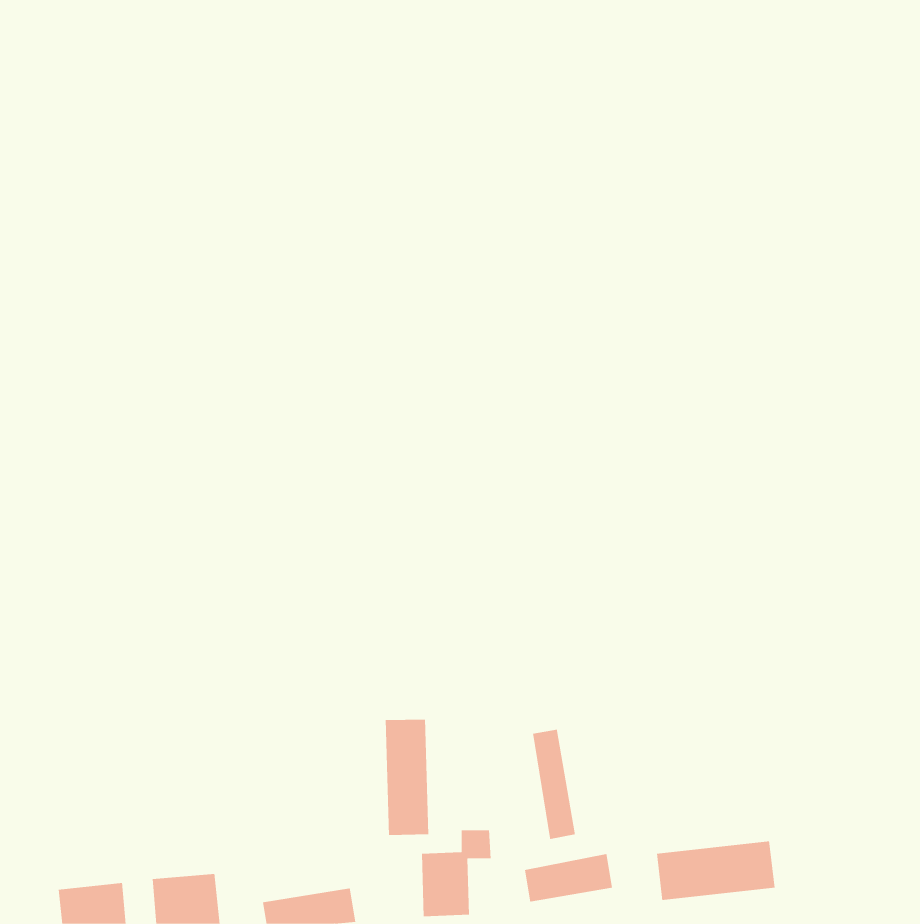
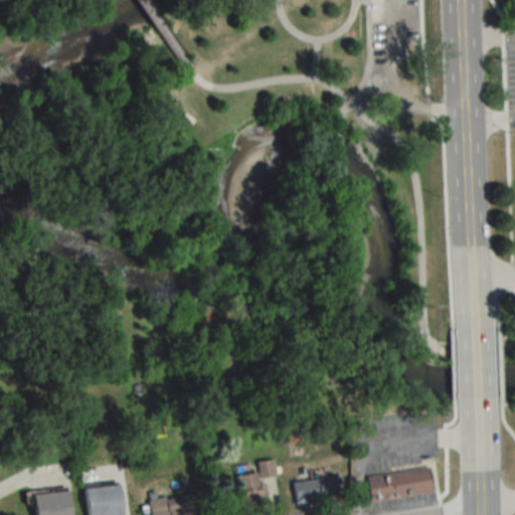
building: [385,719,429,836] -> none
building: [533,729,576,840] -> none

